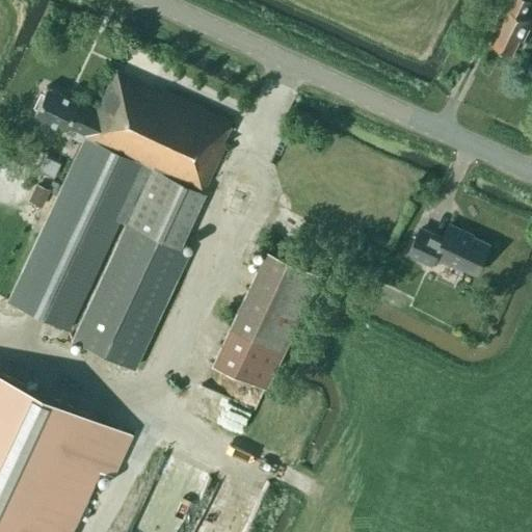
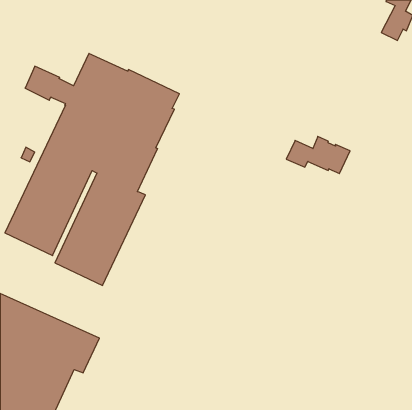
building: [409,229,491,276] -> [286,136,350,174]
building: [212,252,319,391] -> none

